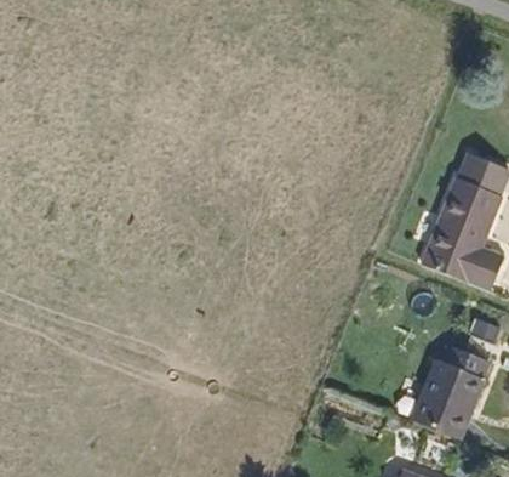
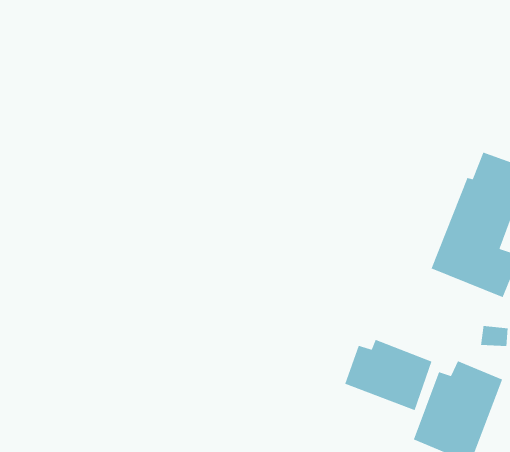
building: none -> [344,339,432,411]

